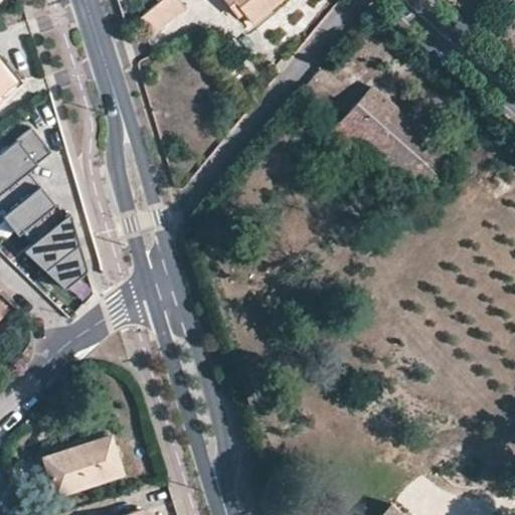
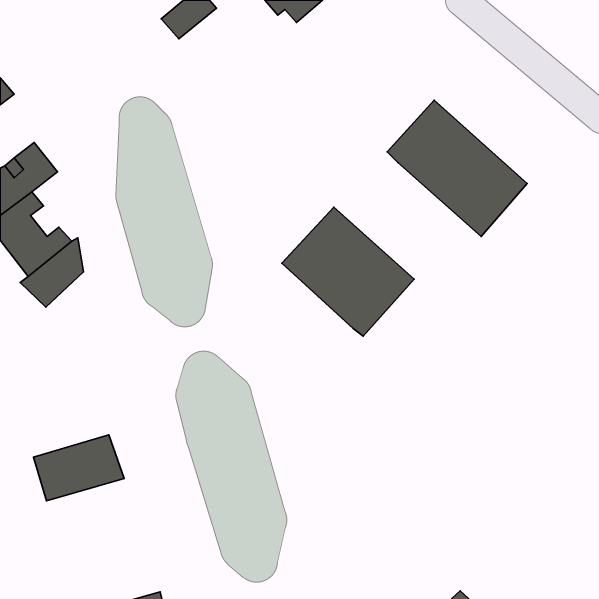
building: none -> [282,207,414,336]
building: [41,234,79,282] -> none
building: [42,436,120,492] -> [34,435,124,501]

